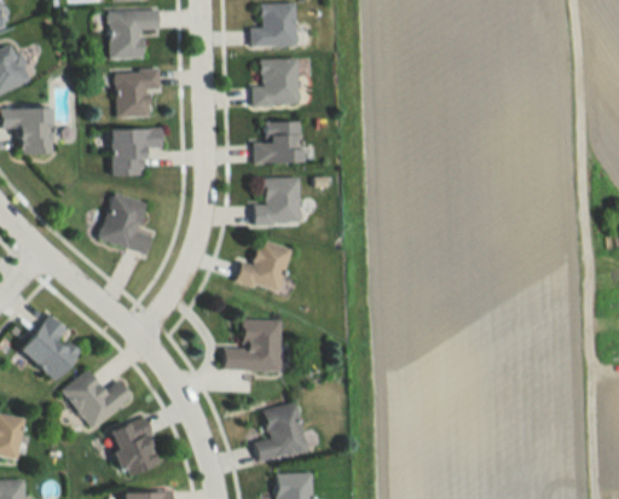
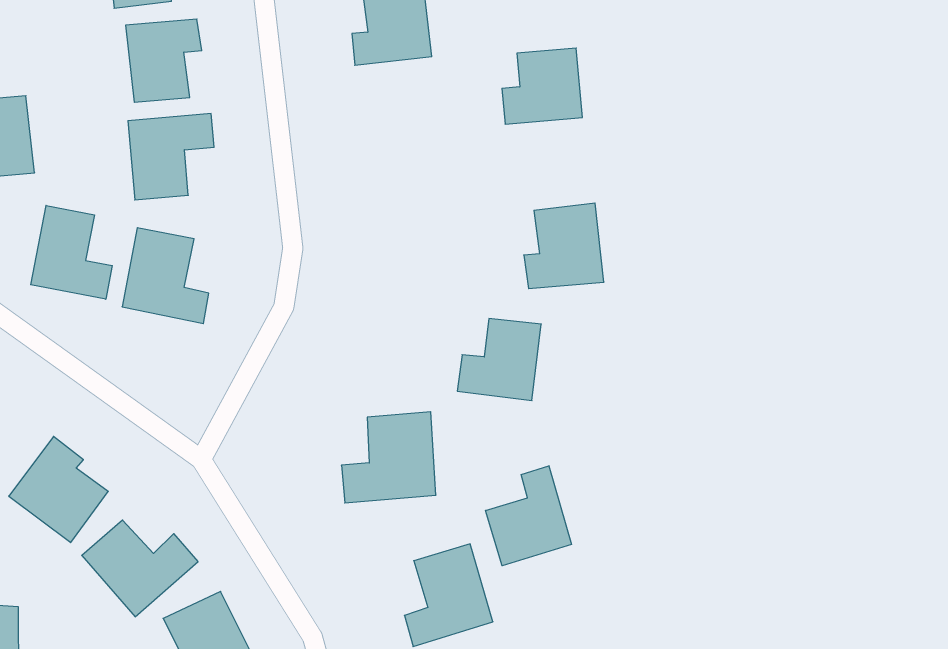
building: [255,121,302,163] -> [502,48,582,124]
building: none -> [31,205,112,299]
building: [254,176,301,225] -> [524,203,604,289]
building: [236,240,290,292] -> [457,319,541,401]
building: none -> [486,466,572,566]

